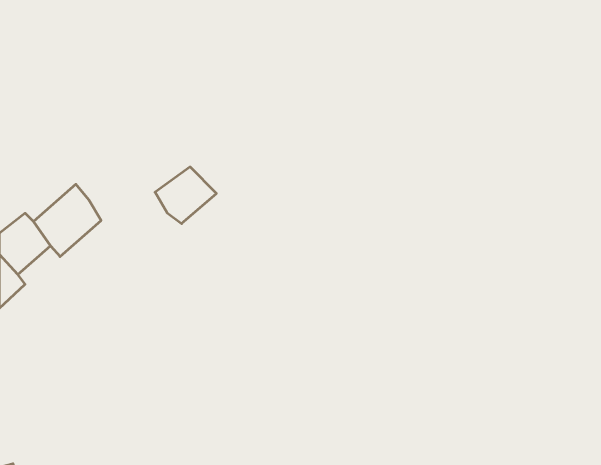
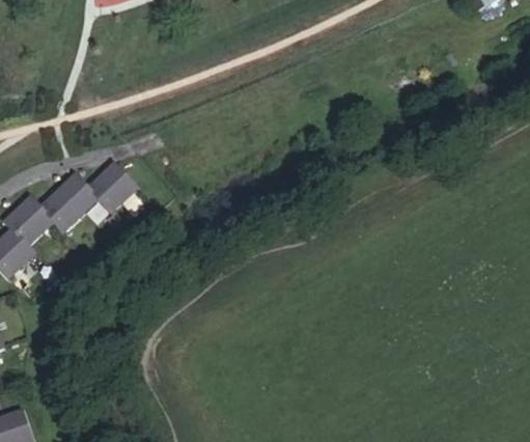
building: [155,167,216,224] -> [85,165,138,214]

